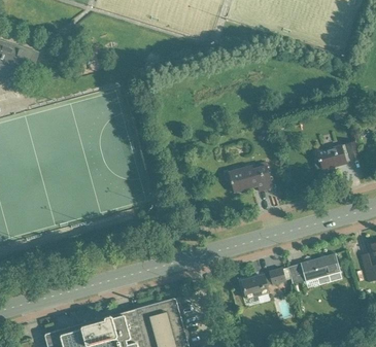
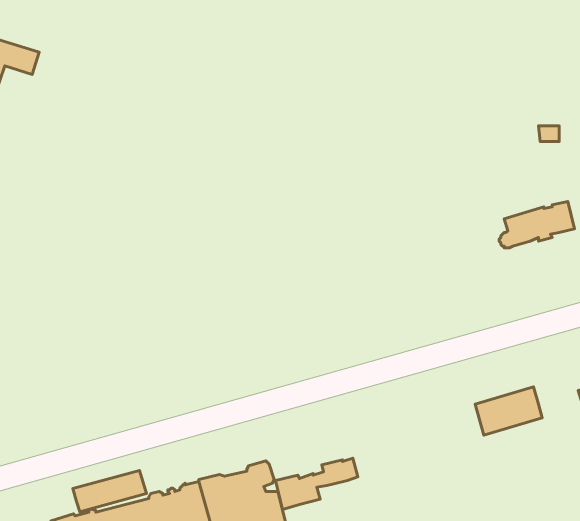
building: [228,165,273,192] -> none
building: [242,267,292,298] -> [276,458,358,510]
building: none -> [73,470,147,512]

